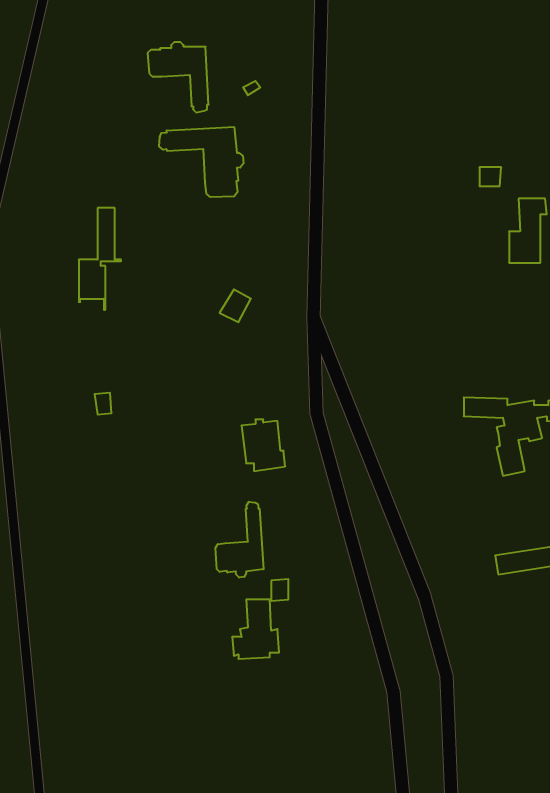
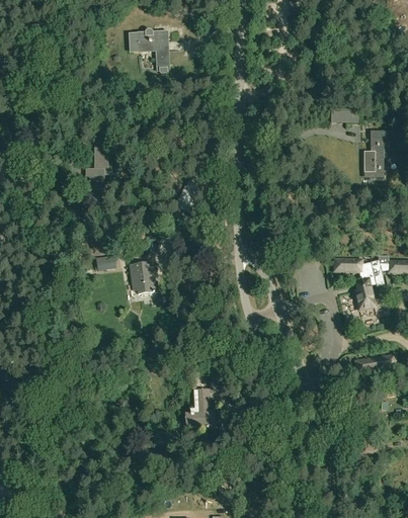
building: [159,127,244,197] -> none
building: [241,419,285,471] -> [130,260,158,293]
building: [216,502,264,578] -> none

